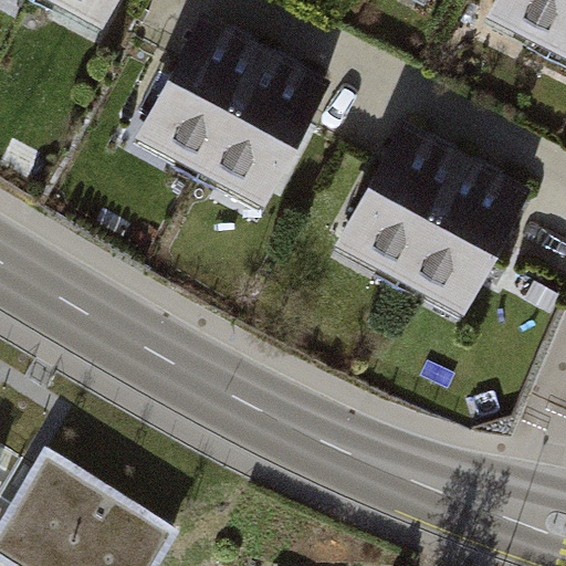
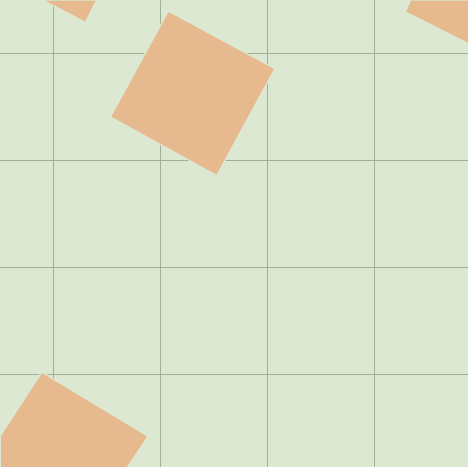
building: [331,125,527,318] -> none

